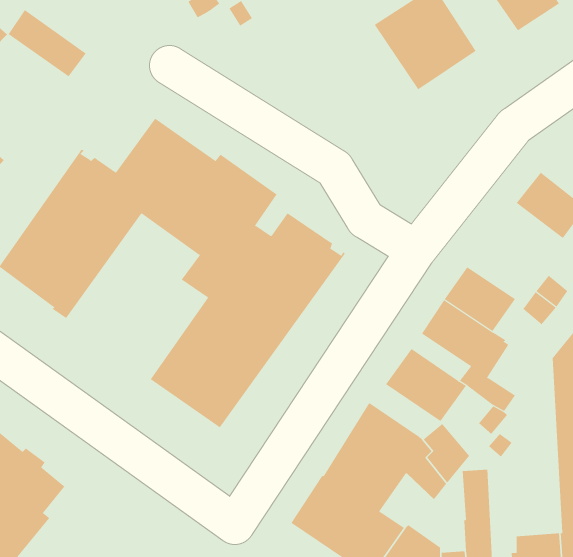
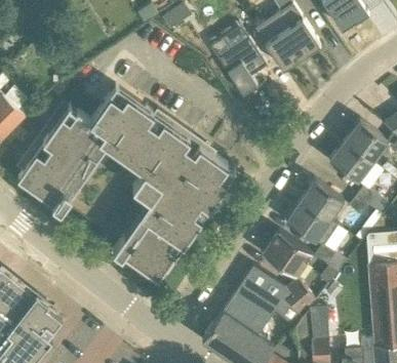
building: [8,9,86,77] -> none
building: none -> [215,32,265,90]
building: none -> [328,139,373,183]

